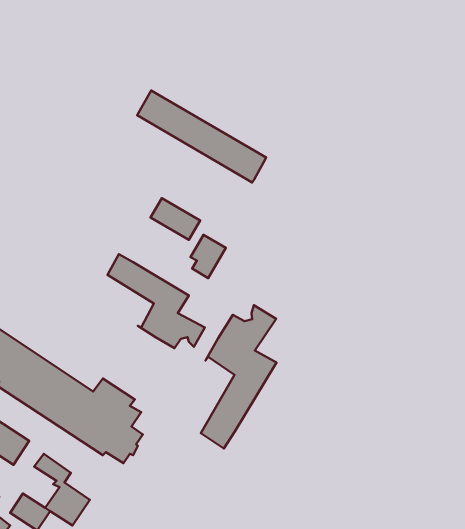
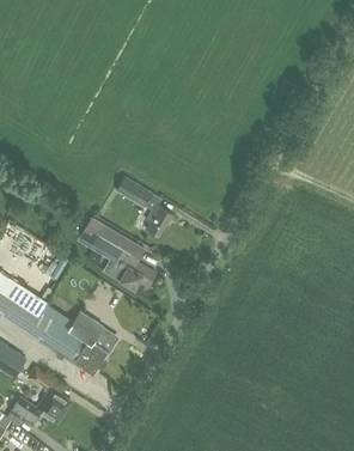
building: [137,91,266,182] -> none
building: [201,305,276,449] -> none

